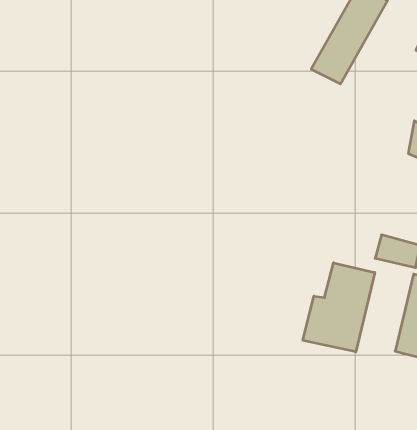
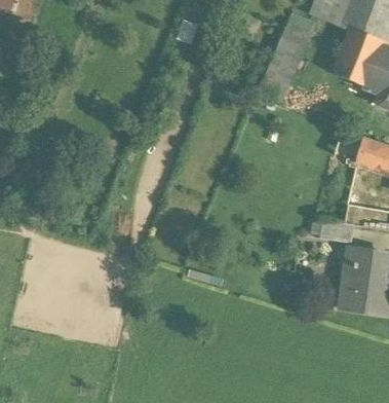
building: [303,263,375,352] -> none

